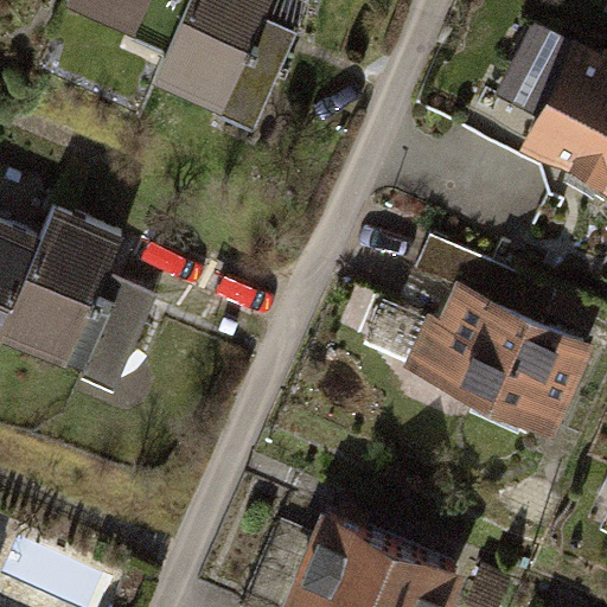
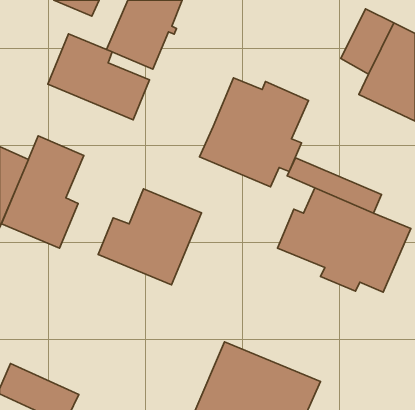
building: none -> [48,34,149,120]
building: none -> [200,78,309,187]
building: none -> [98,189,201,285]

